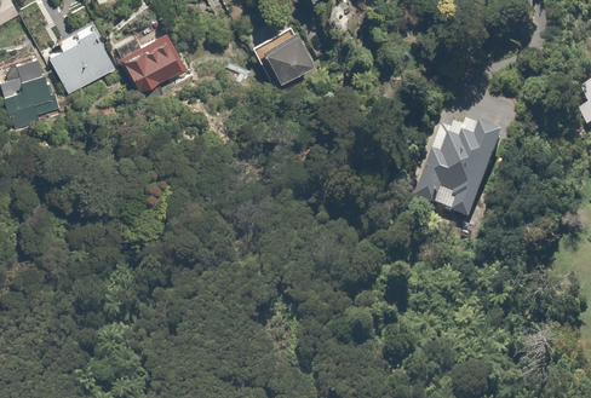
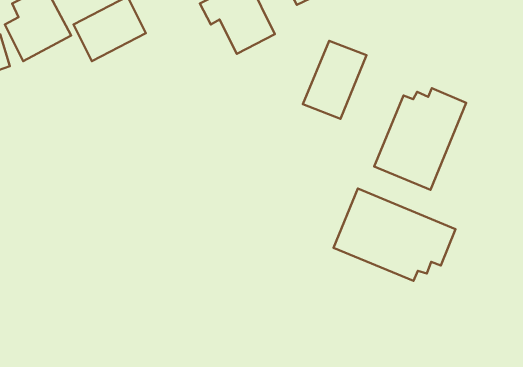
building: none -> [303,41,367,119]
building: none -> [333,188,455,281]

